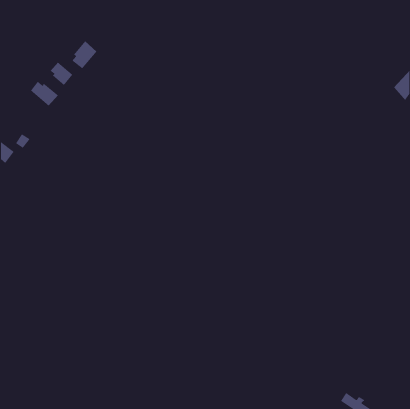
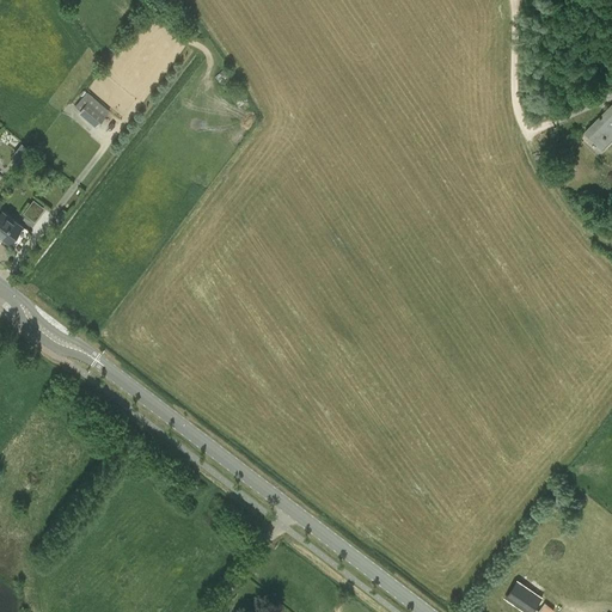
building: [71,40,97,69] -> none
building: [30,81,59,107] -> none

